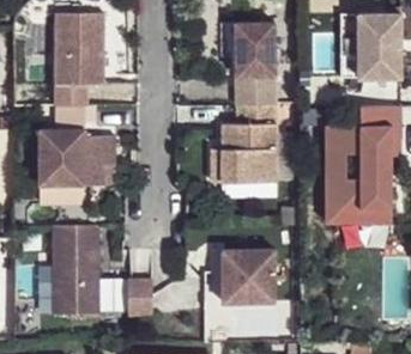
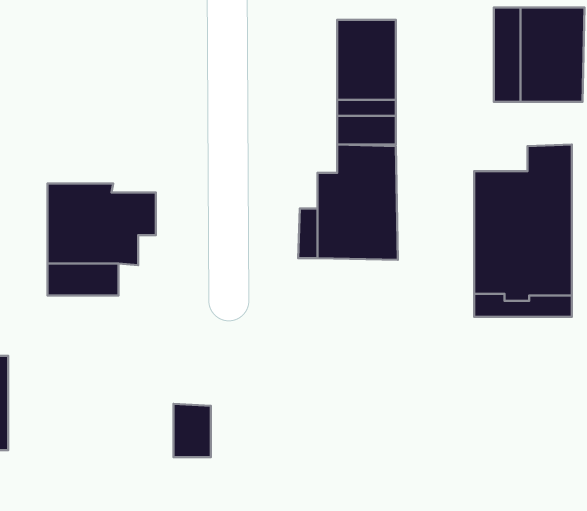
building: [65,13,113,104] -> none
building: [52,225,97,313] -> none
building: [220,250,273,303] -> none

